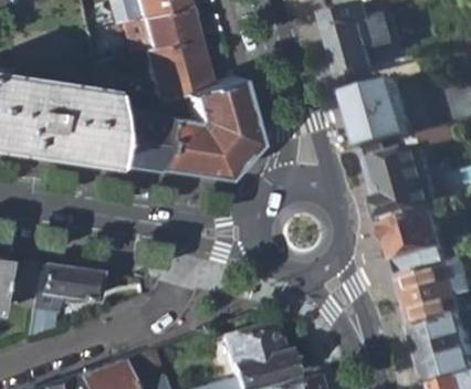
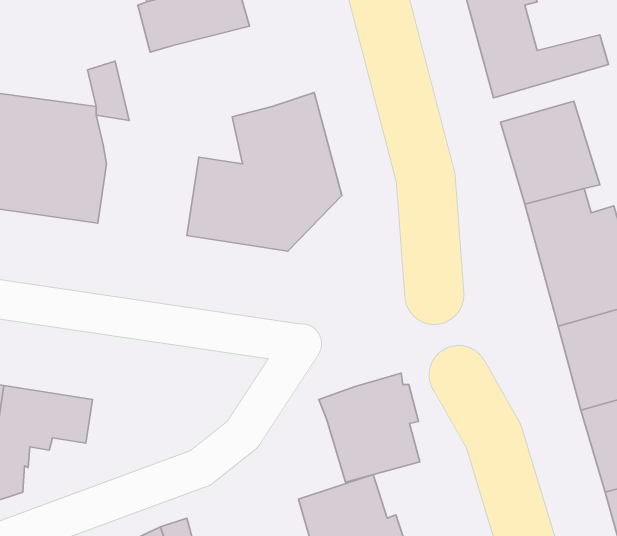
building: [144,36,207,101] -> none
building: [96,112,160,169] -> none
building: none -> [319,373,420,482]

